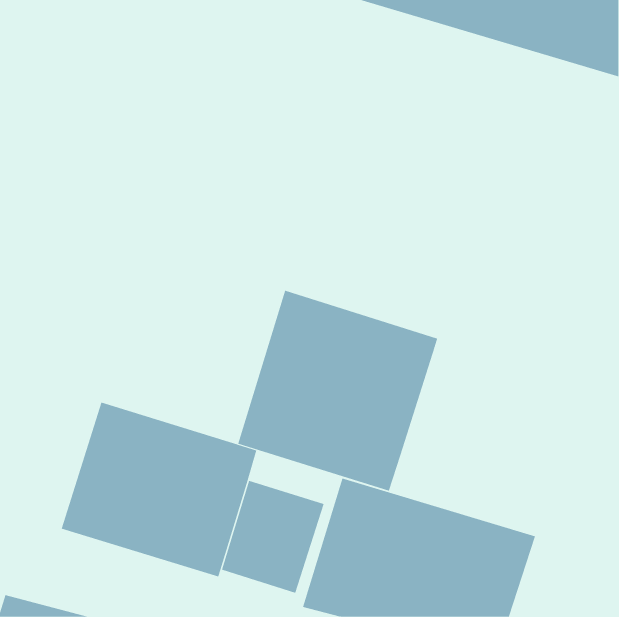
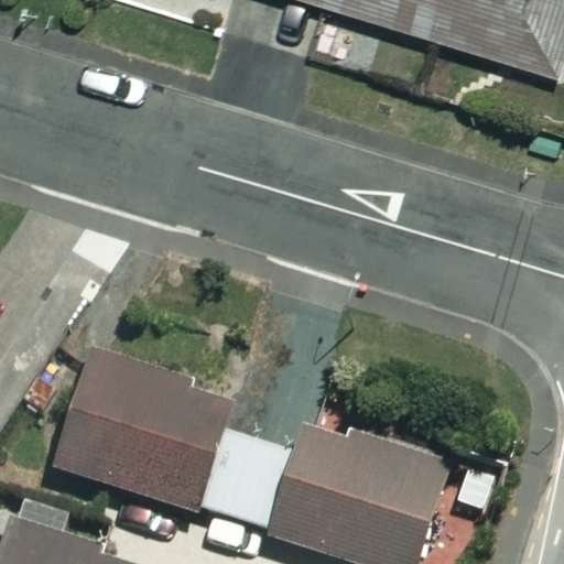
building: [237,290,438,491] -> none

